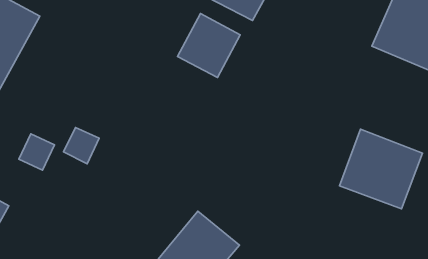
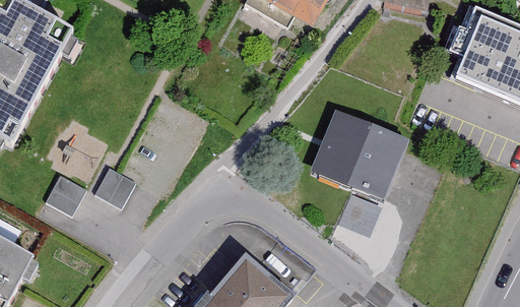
building: [177,13,240,77] -> none
building: [340,129,423,209] -> [320,120,412,208]

